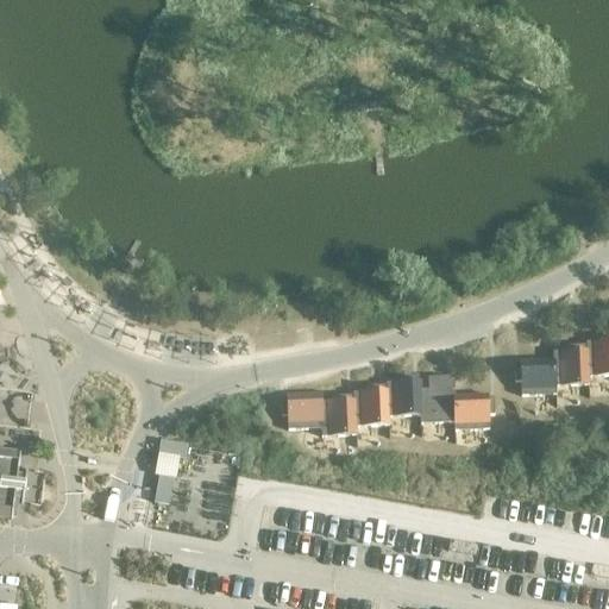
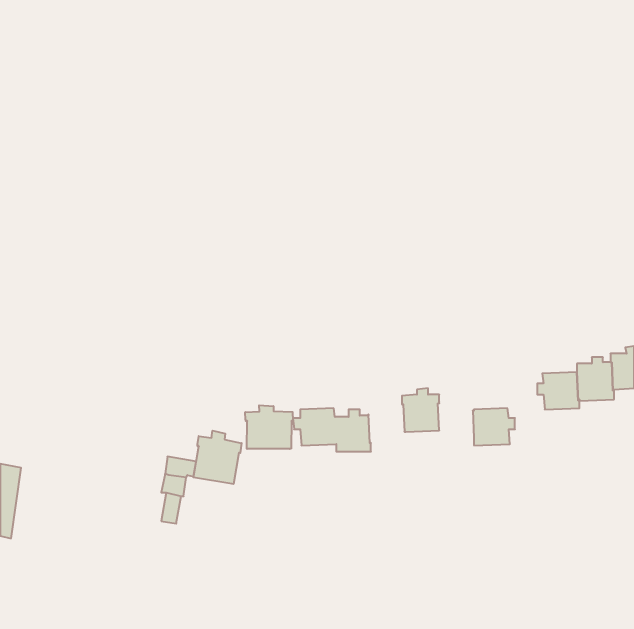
building: [420,373,454,421] -> none
building: [353,382,389,425] -> none
building: none -> [245,405,293,449]
building: none -> [193,431,242,484]

